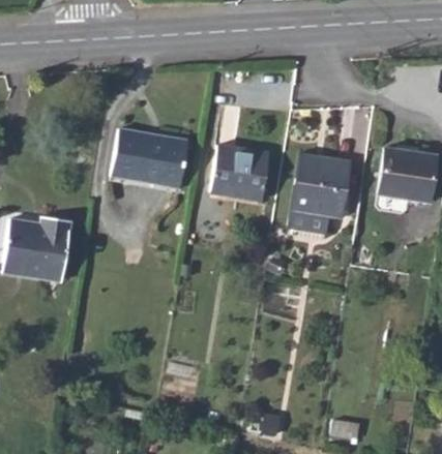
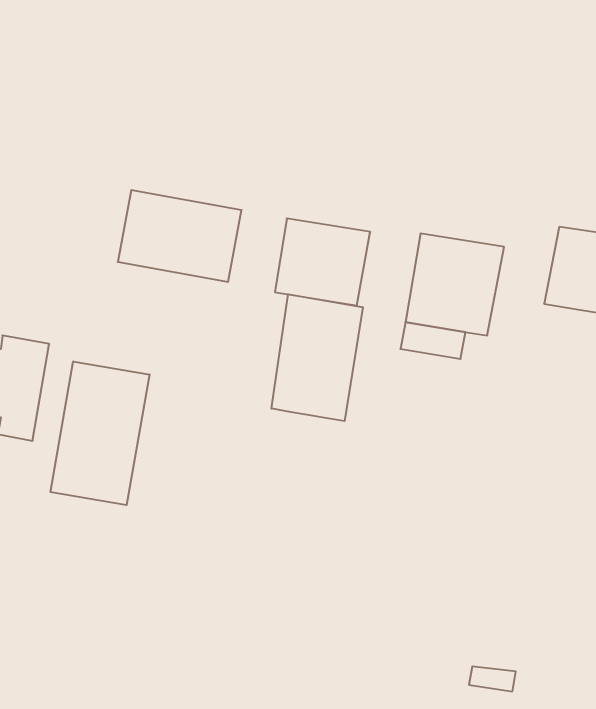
building: none -> [271,294,363,421]
building: none -> [50,361,150,505]

